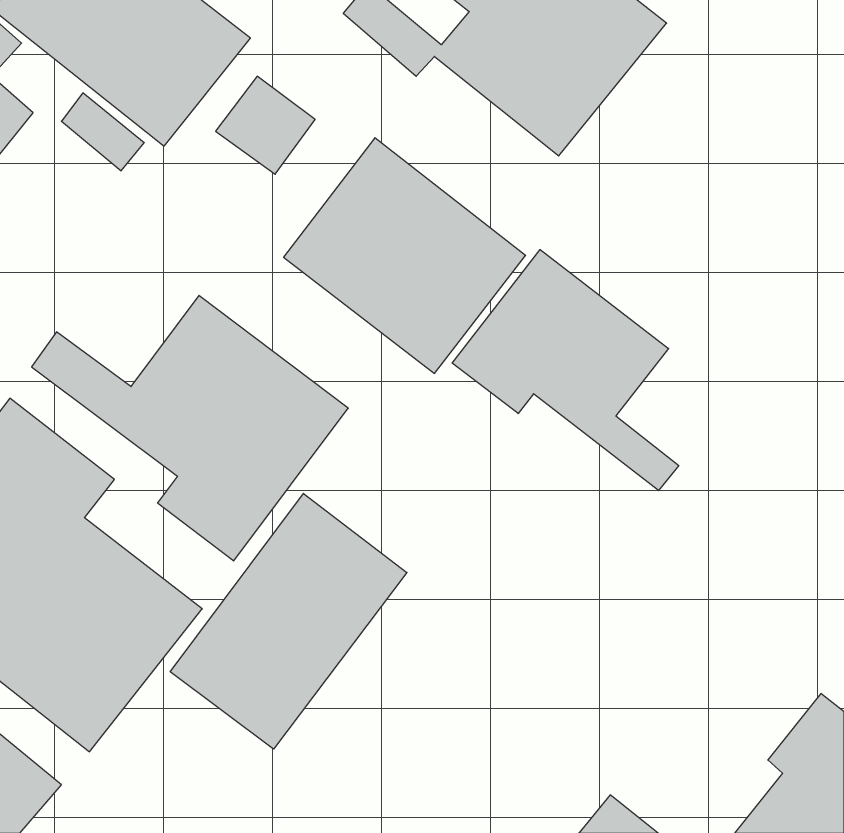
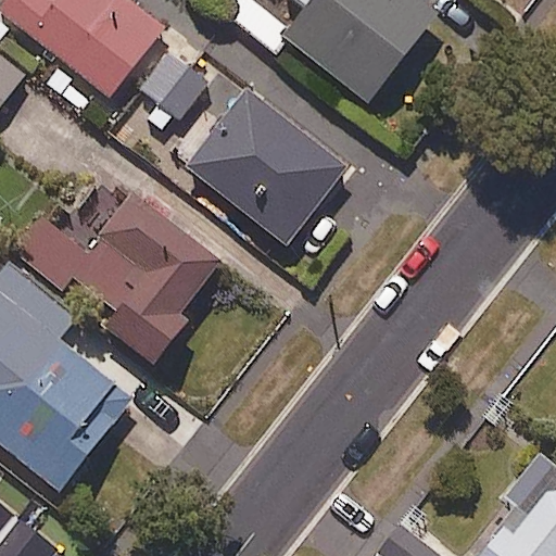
building: [452,250,679,491] -> none
building: [170,493,407,749] -> none

